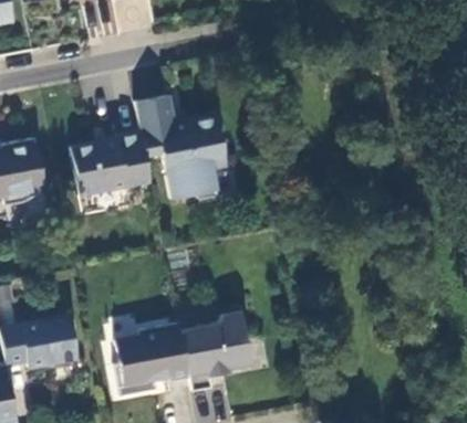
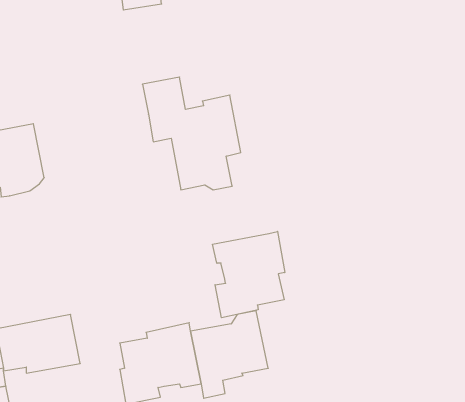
building: [70,129,149,195] -> none
building: none -> [213,231,285,318]

